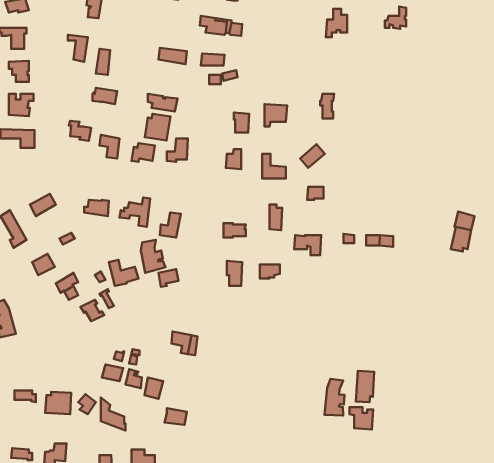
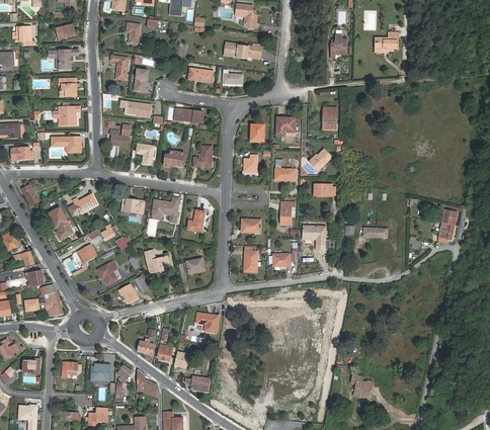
building: [145,114,170,141] -> none
building: [141,240,165,273] -> none
building: [356,371,374,402] -> none
building: [324,379,345,416] -> none

